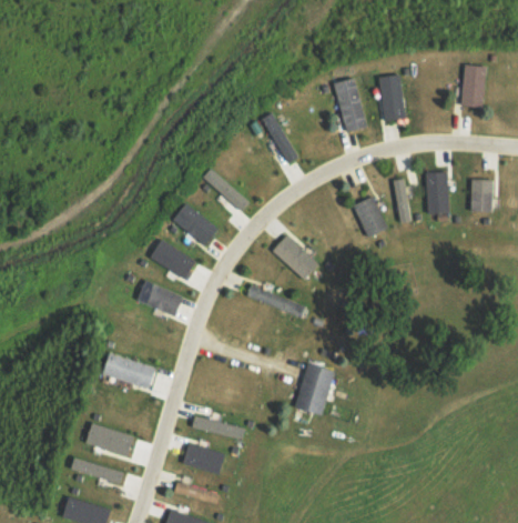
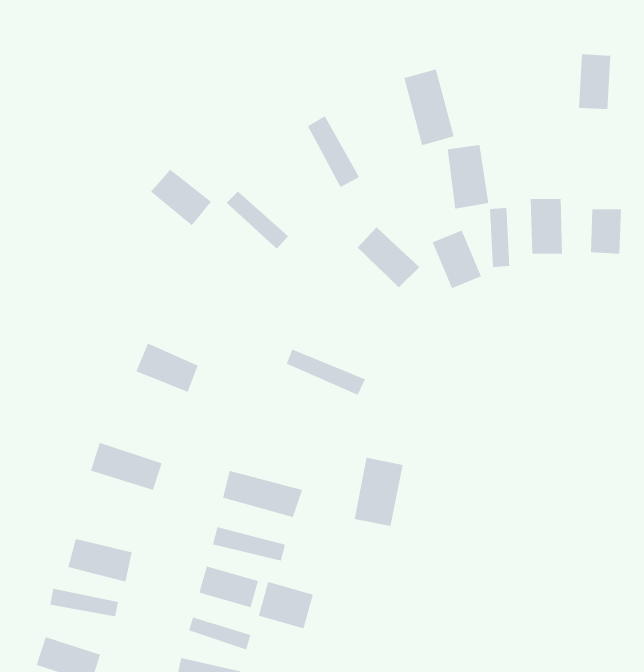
building: [378,74,409,122] -> [447,145,489,209]
building: [172,202,217,244] -> [150,169,212,226]
building: [271,233,317,279] -> [357,227,420,288]
building: [148,238,193,278] -> none
building: none -> [222,470,303,518]
building: none -> [258,581,313,629]

